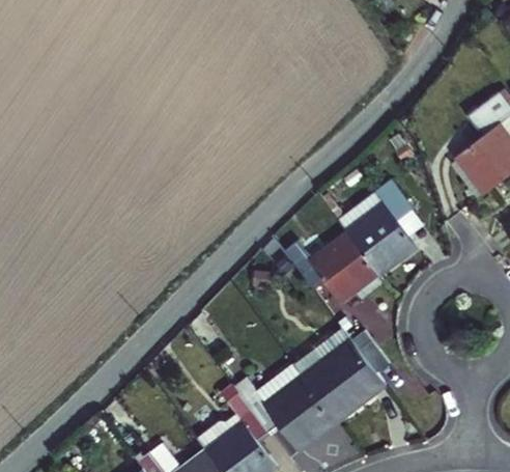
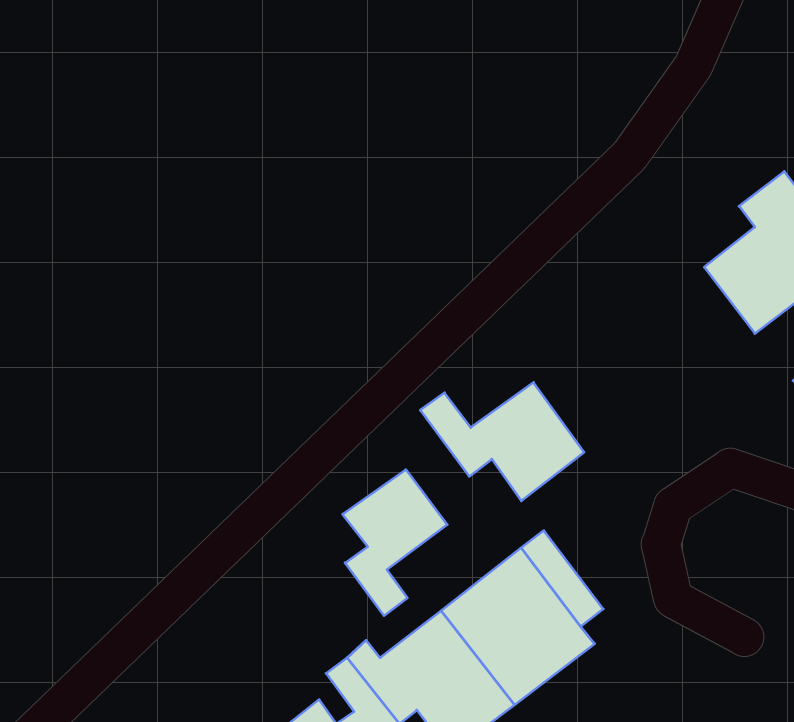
building: [329,183,419,271] -> none
building: none -> [343,470,447,616]

